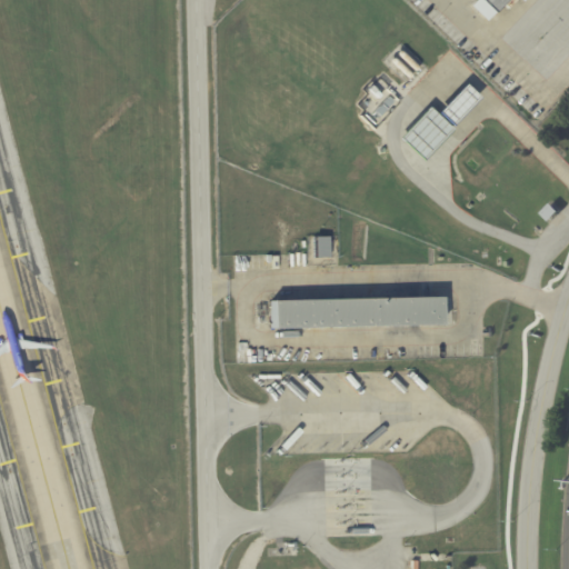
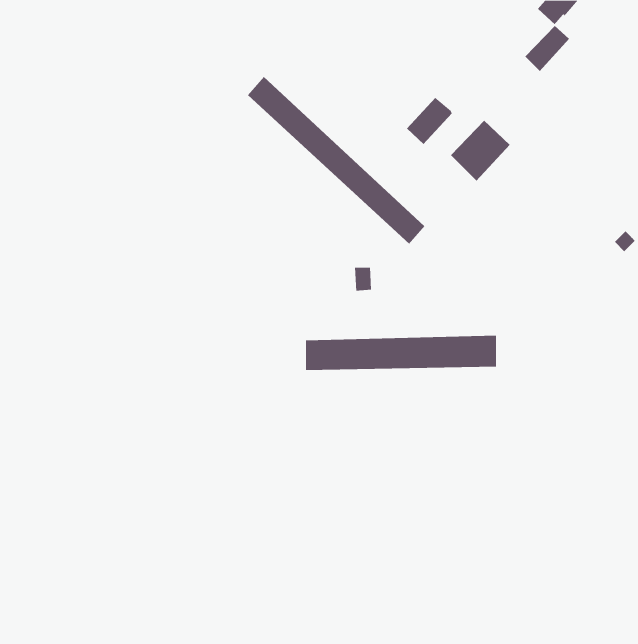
building: none -> [247,76,425,244]
building: [441,83,481,124] -> [525,25,570,72]

